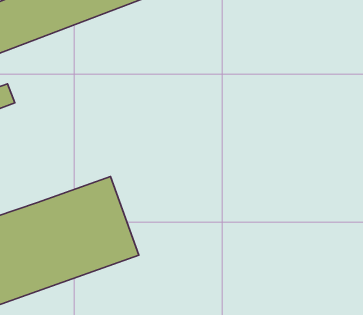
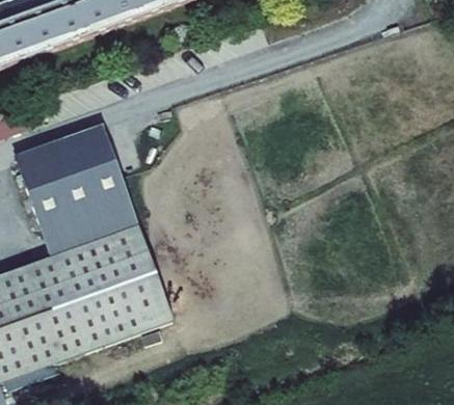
building: none -> [11,120,138,254]

